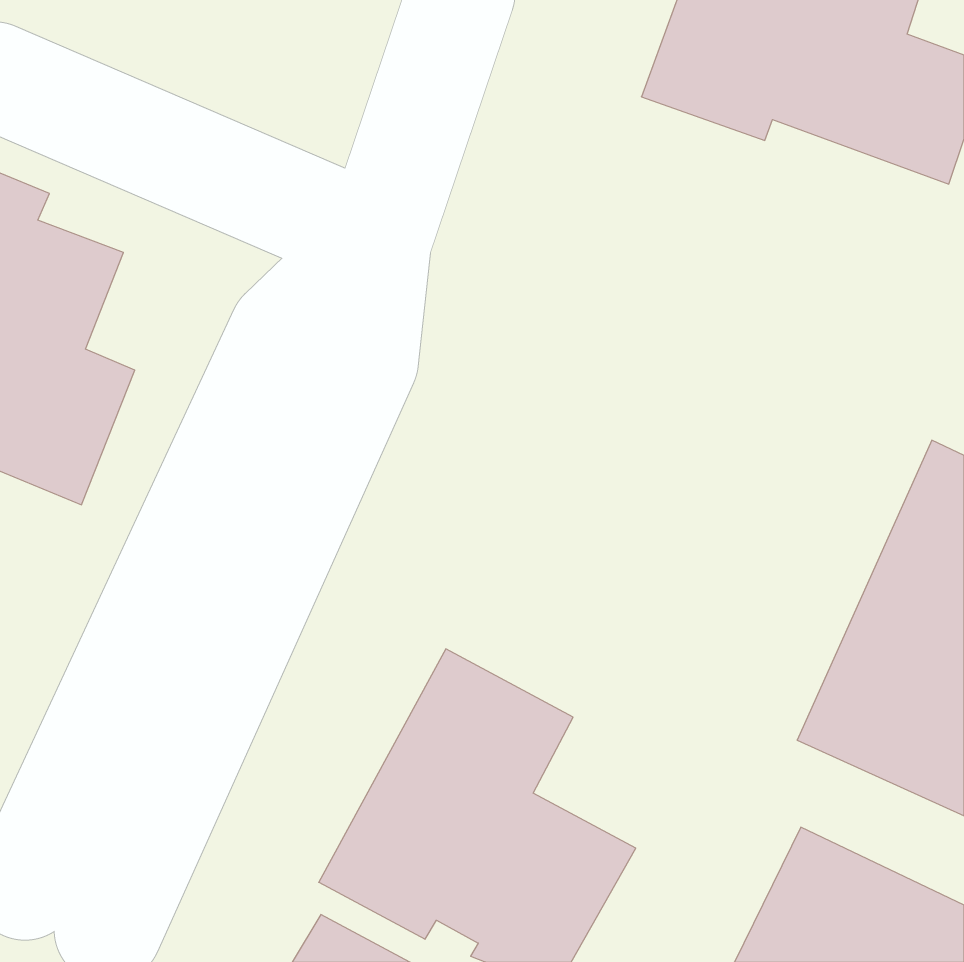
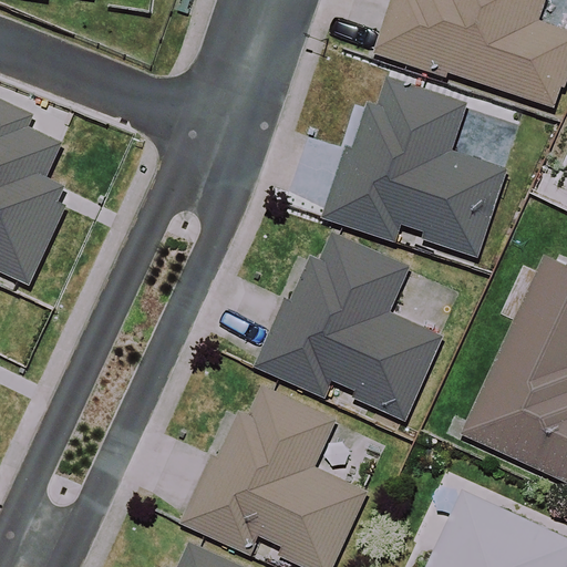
building: none -> [329,78,508,259]
building: none -> [262,226,443,425]

